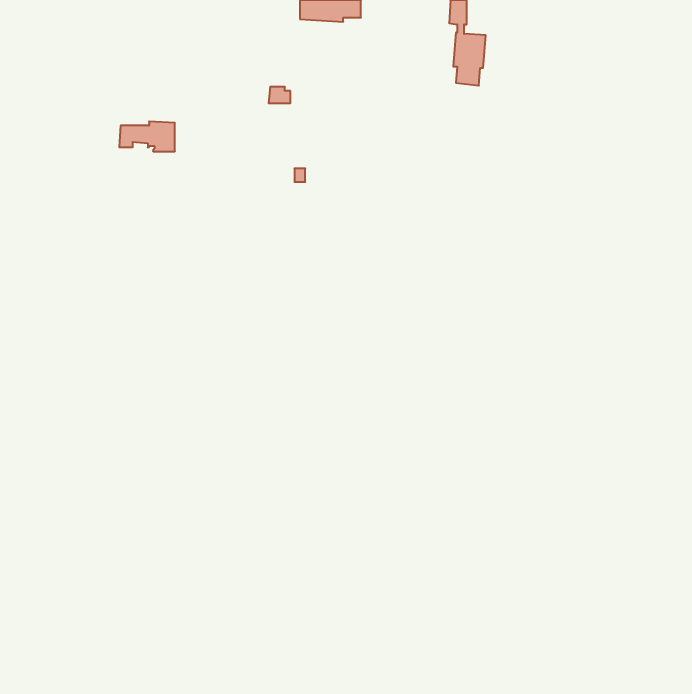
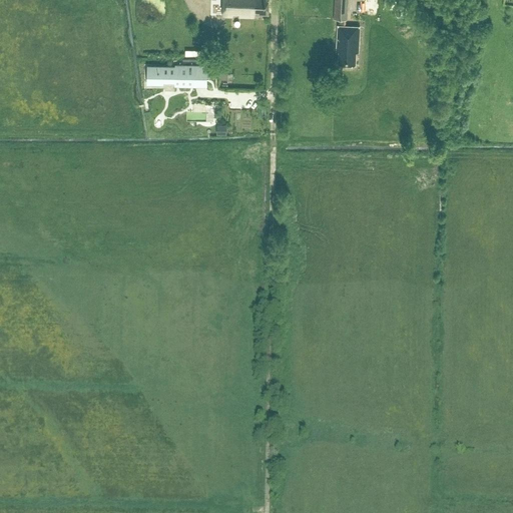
building: [119,121,175,151] -> [152,63,193,85]

